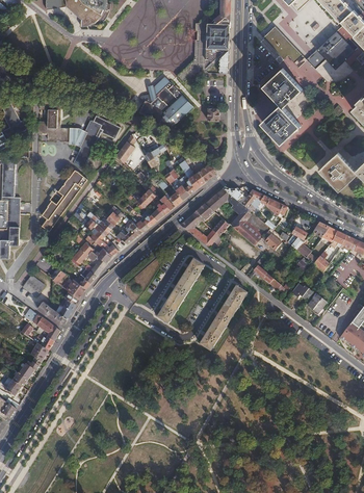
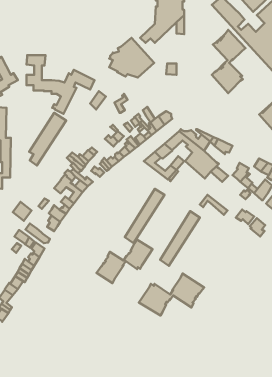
building: none -> [96,240,153,283]
building: none -> [139,274,204,316]

